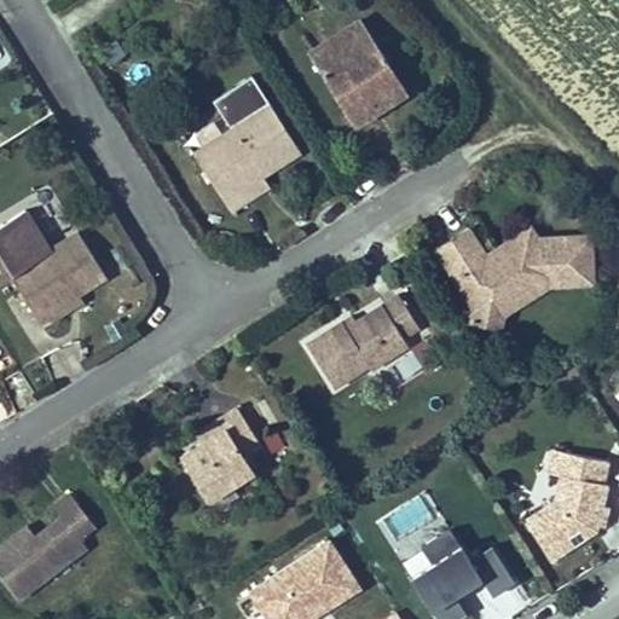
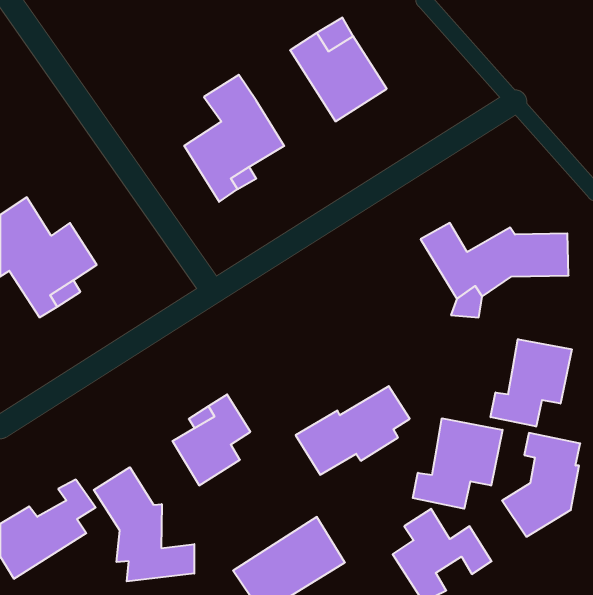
building: [306,293,424,384] -> [296,386,410,475]
building: none -> [491,339,572,427]
building: none -> [413,418,503,509]
building: none -> [94,467,194,581]

